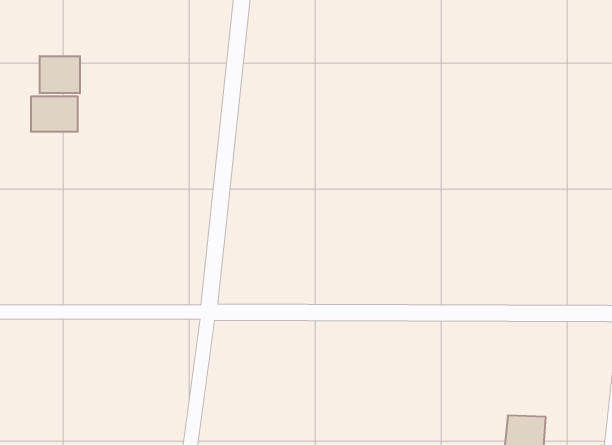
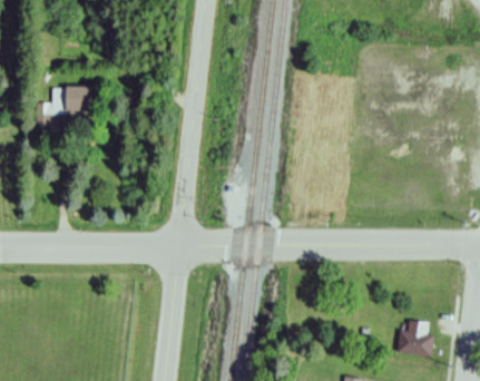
building: [40,56,80,93] -> none

